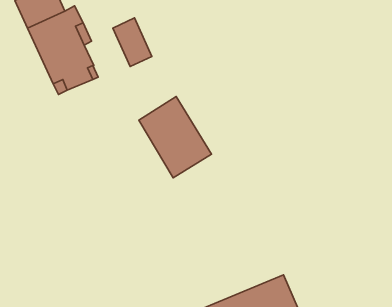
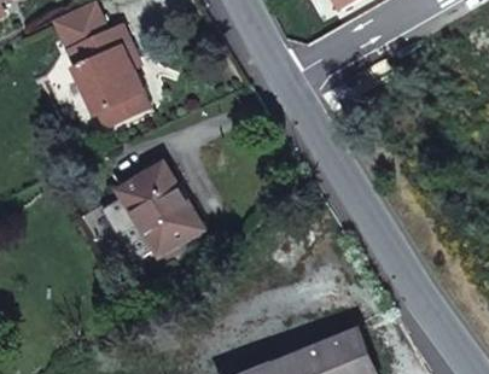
building: [113,18,152,66] -> none
building: [139,97,211,178] -> [120,163,202,255]

